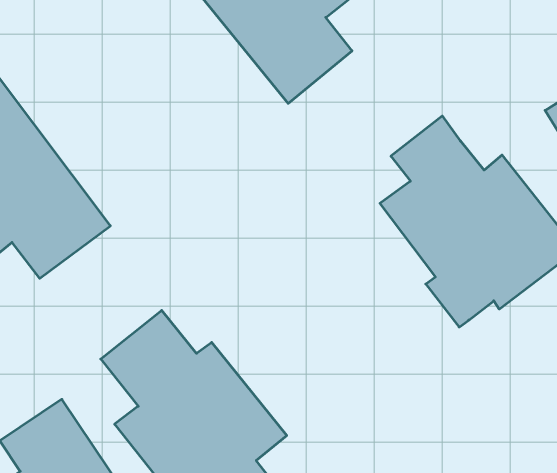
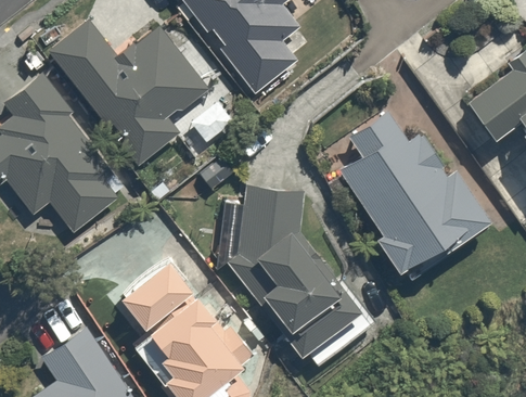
building: none -> [48,23,204,166]
building: none -> [228,185,374,367]

